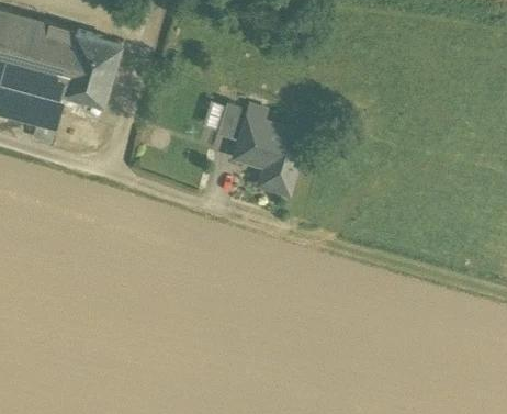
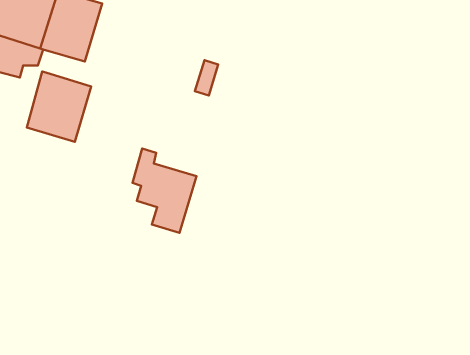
building: [236,108,302,194] -> [133,148,197,233]
building: none -> [27,72,91,142]

